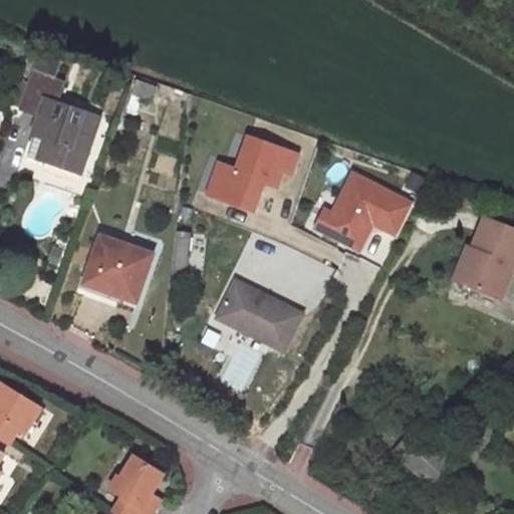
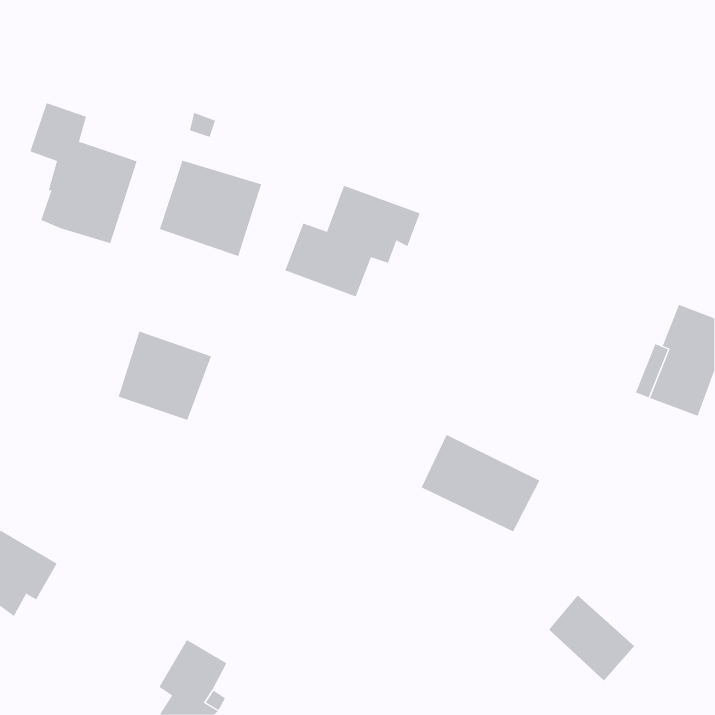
building: none -> [159,160,262,257]
building: [312,170,415,253] -> none
building: [216,280,301,350] -> [421,434,540,532]

